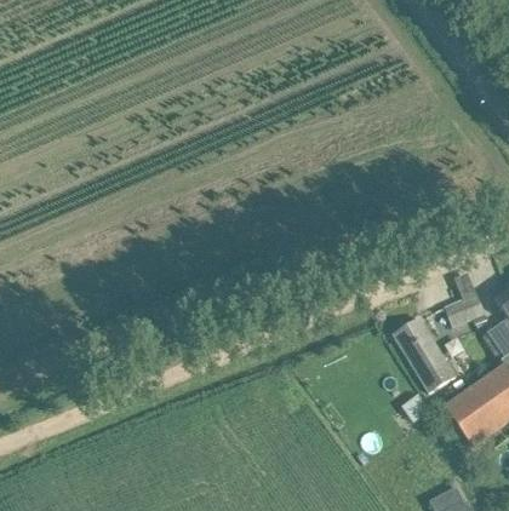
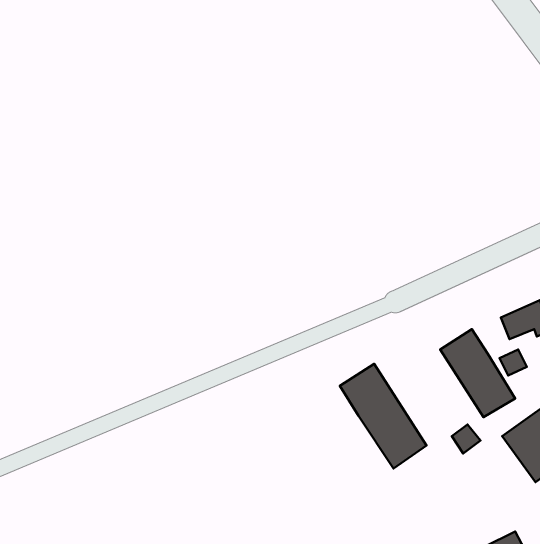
building: none -> [340,364,426,468]

